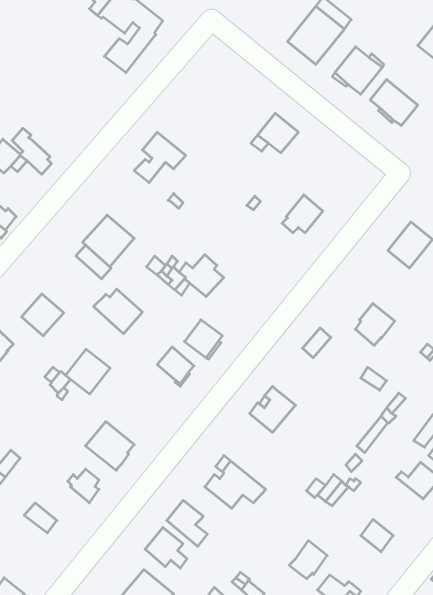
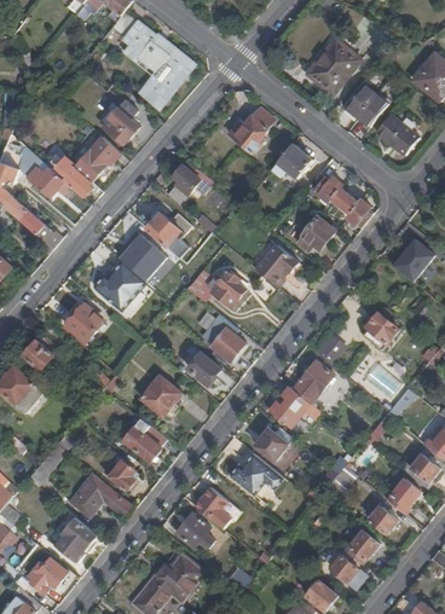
building: none -> [109,102,139,144]
building: none -> [227,106,273,151]
building: none -> [75,139,120,181]
building: none -> [307,173,370,225]
building: none -> [146,212,190,256]
building: none -> [254,243,297,286]
building: [94,289,142,334] -> [93,270,137,309]
building: [65,349,110,394] -> [140,375,180,415]
building: none -> [291,359,333,402]
building: none -> [254,428,287,459]
building: none -> [77,474,131,515]
building: none -> [386,477,420,512]
building: none -> [53,516,97,560]
building: [289,541,327,579] -> [345,528,378,562]

